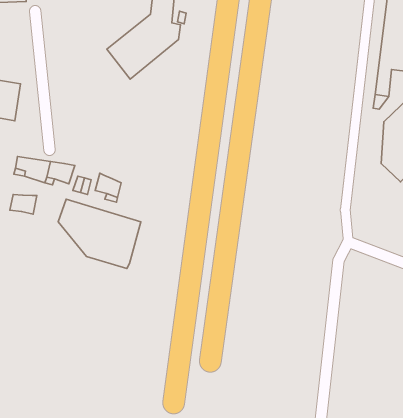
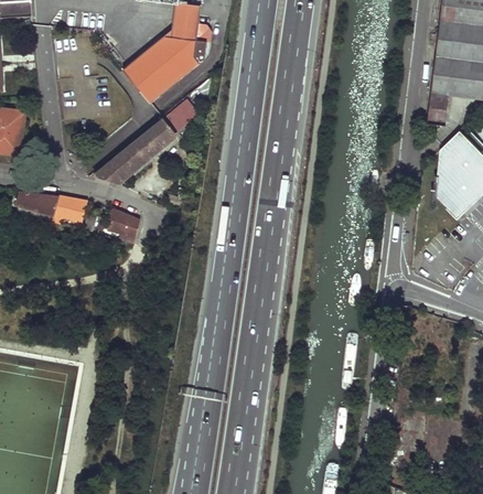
building: none -> [94,97,198,182]
building: [10,195,37,214] -> none
building: [58,199,141,268] -> none

